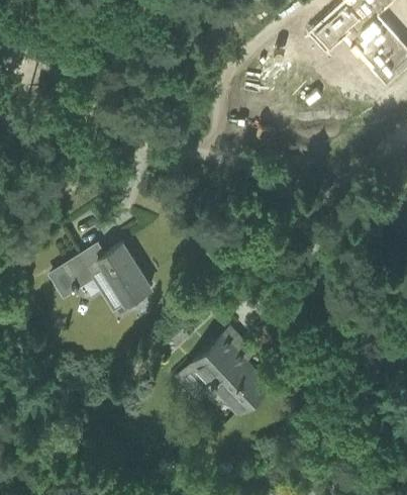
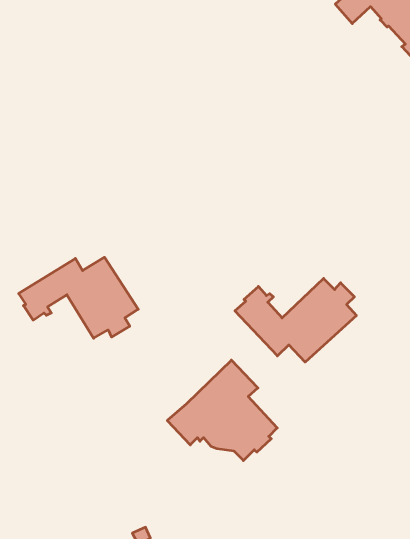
building: none -> [235,278,356,362]

